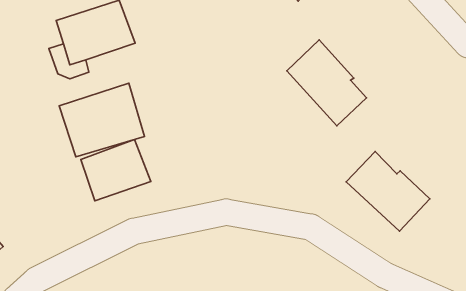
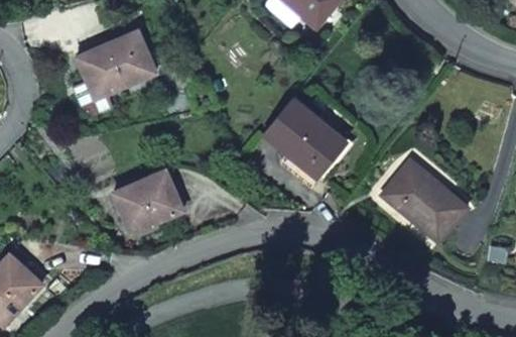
building: [287,40,367,126] -> [265,106,346,190]
building: [59,83,144,157] -> none

